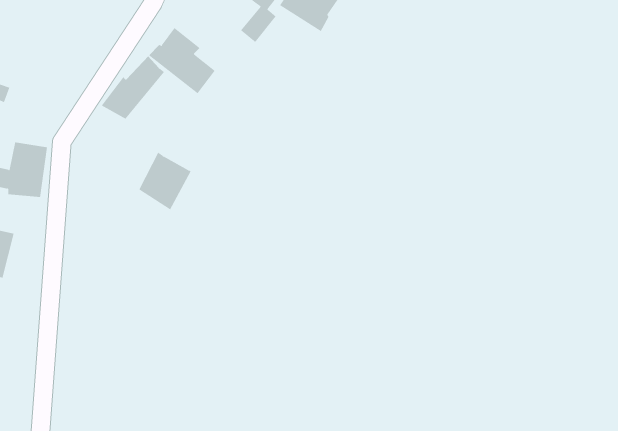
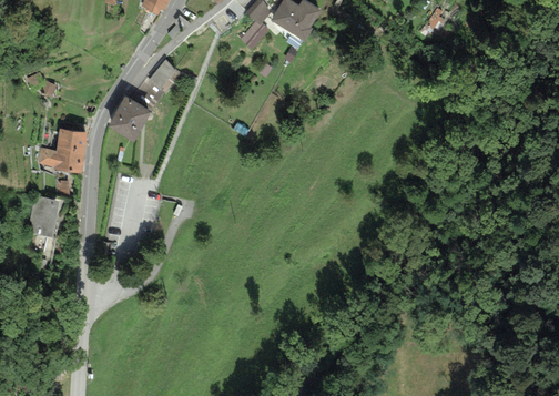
building: [148,27,216,94] -> none
building: [138,152,191,210] -> [109,95,151,142]

